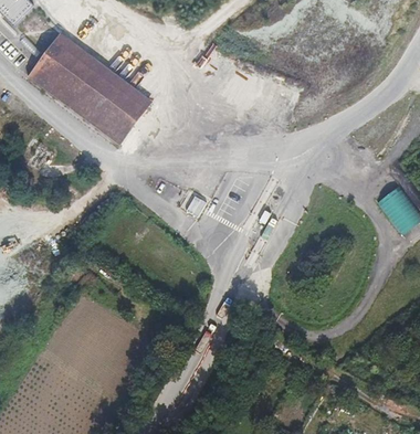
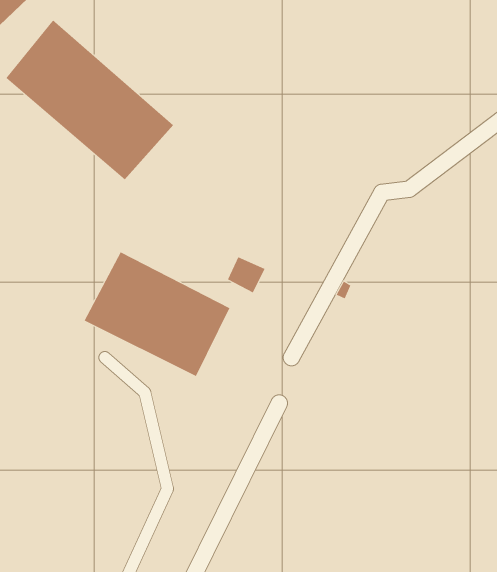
building: none -> [84,252,230,377]

